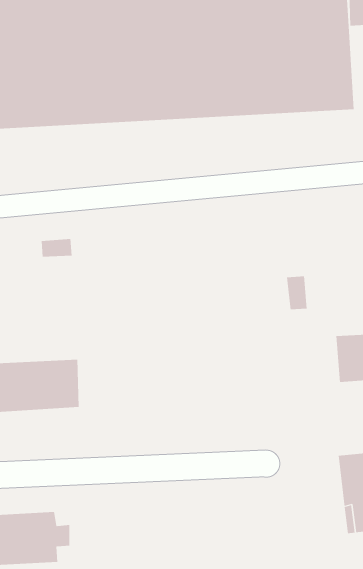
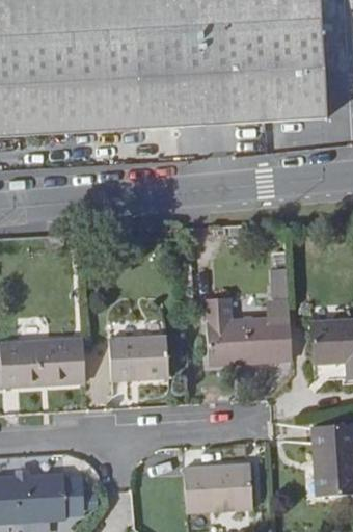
building: none -> [206,299,292,366]
building: none -> [109,337,168,381]
building: none -> [184,466,251,512]

